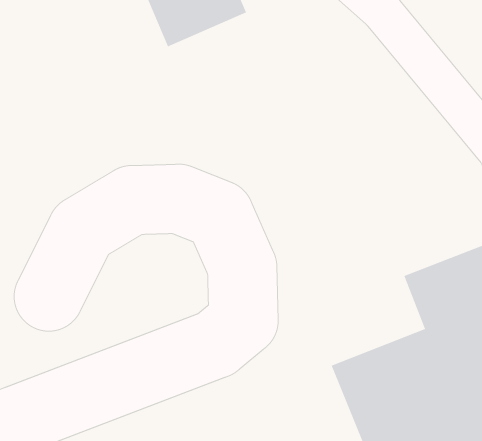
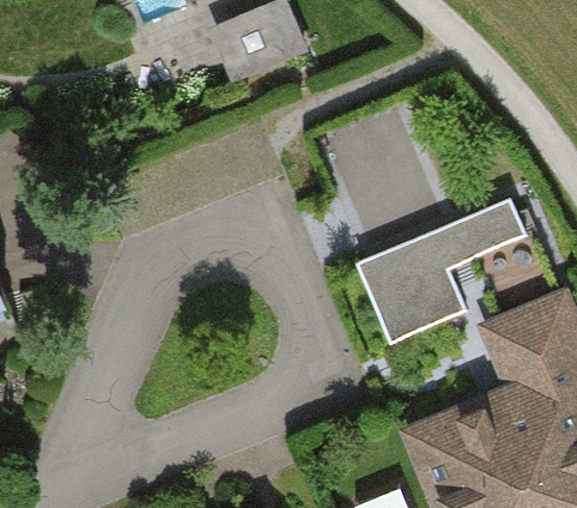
building: none -> [352,198,528,349]

